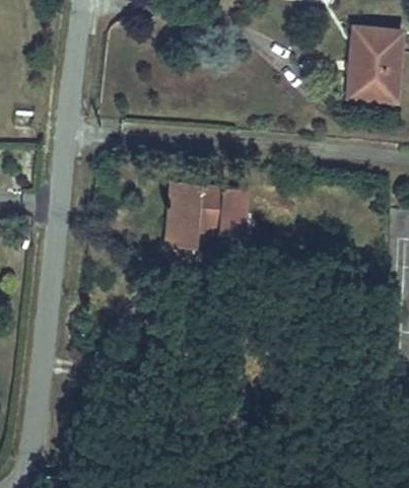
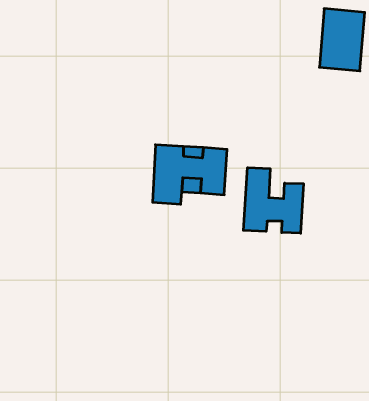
building: none -> [243,168,303,233]

